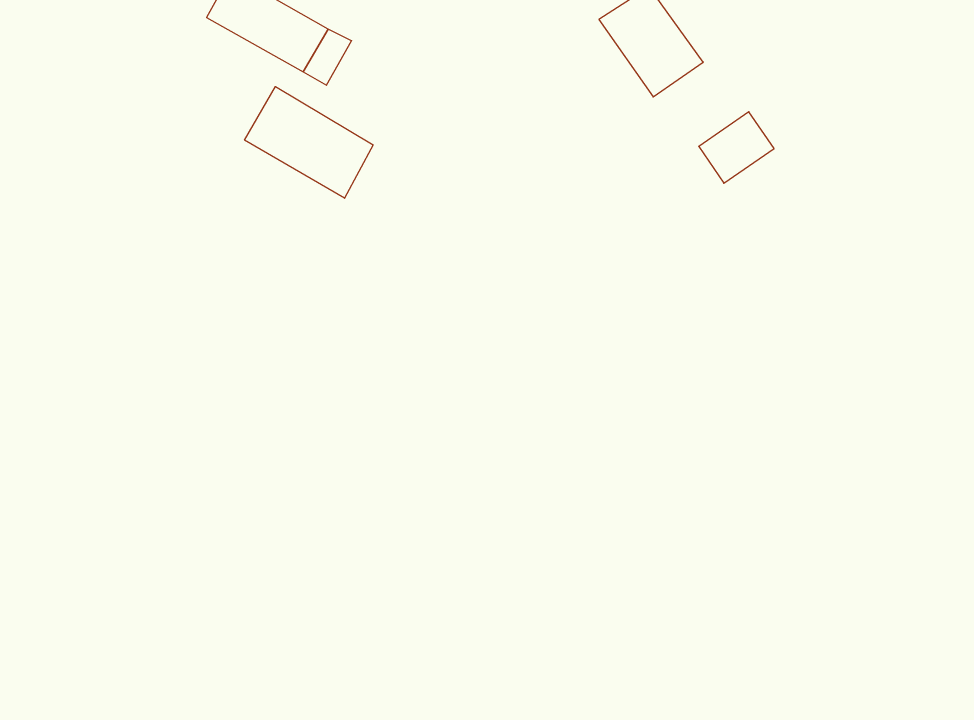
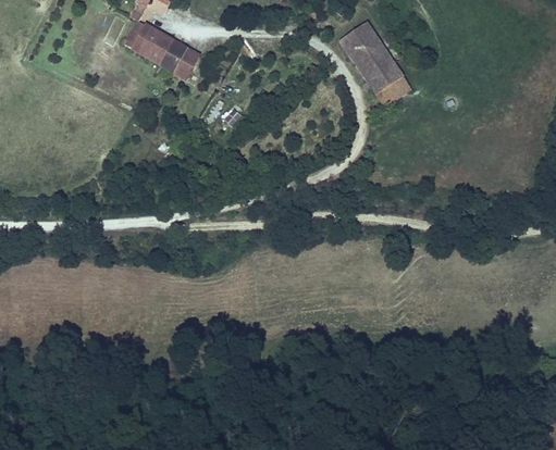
building: [245,87,373,198] -> none
building: [699,112,774,183] -> [369,64,411,104]

